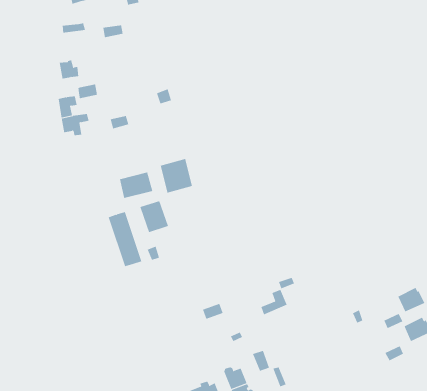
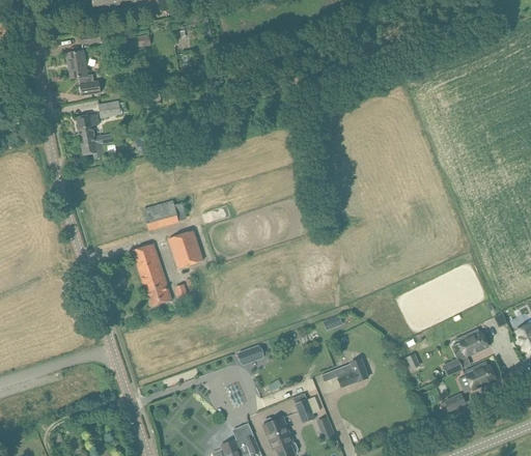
building: none -> [66,50,87,77]
building: [160,158,192,193] -> none
building: [261,289,287,315] -> [338,358,368,387]

